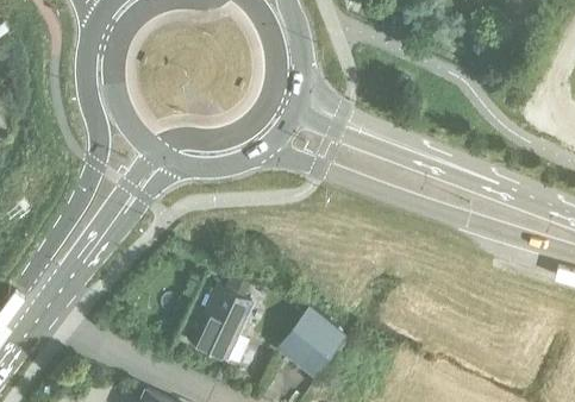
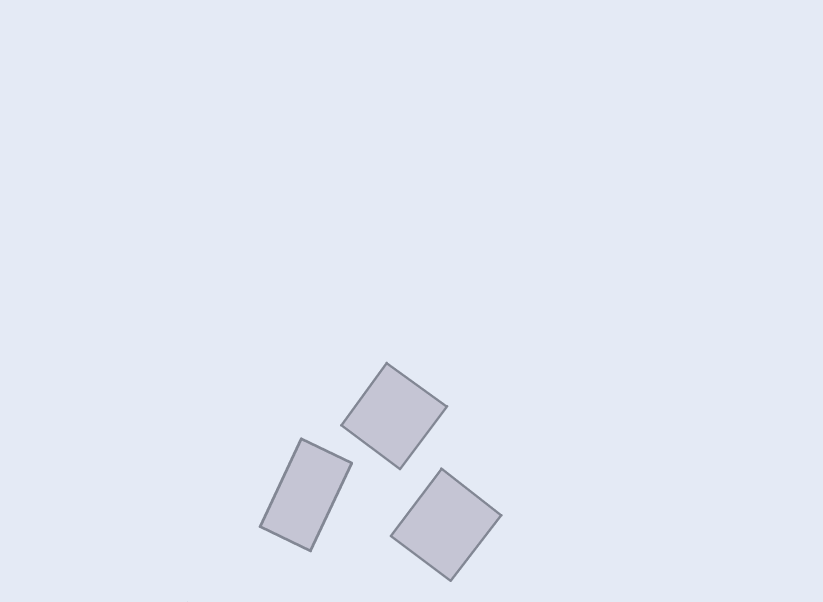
building: none -> [341,363,447,469]

